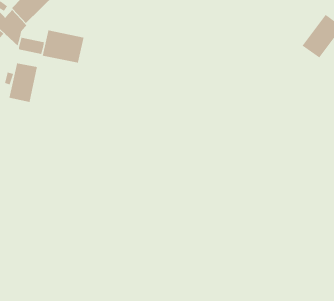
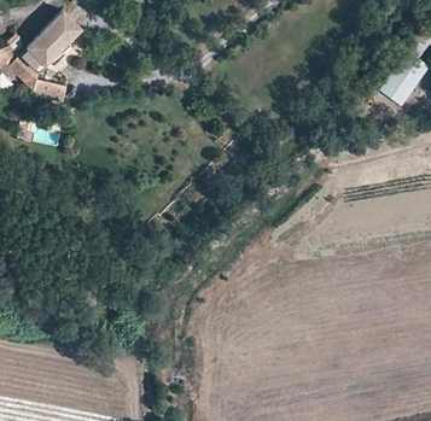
building: [42,30,84,64] -> none
building: [8,63,38,103] -> none

